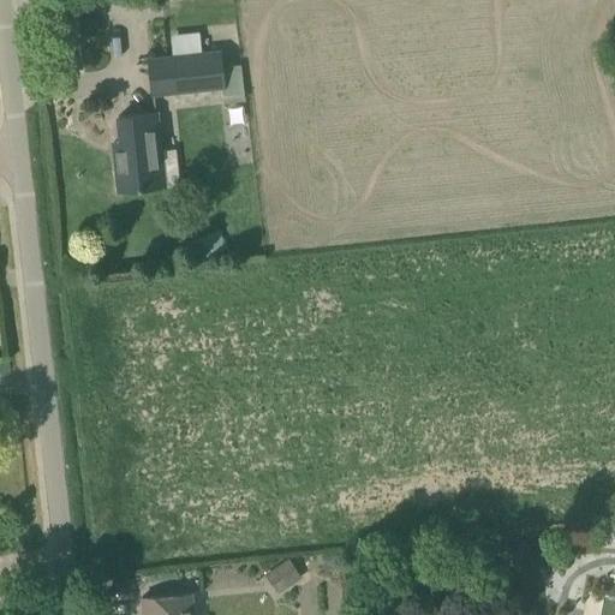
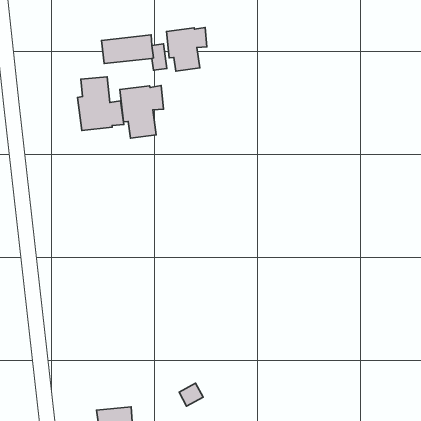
building: none -> [166,28,207,71]
building: none -> [120,86,163,138]

